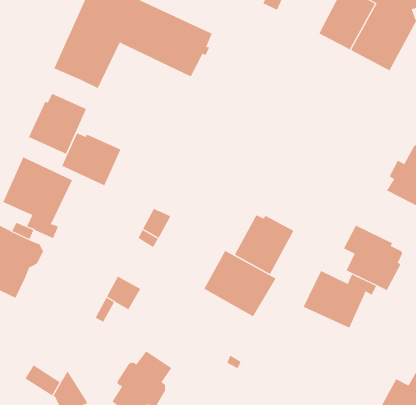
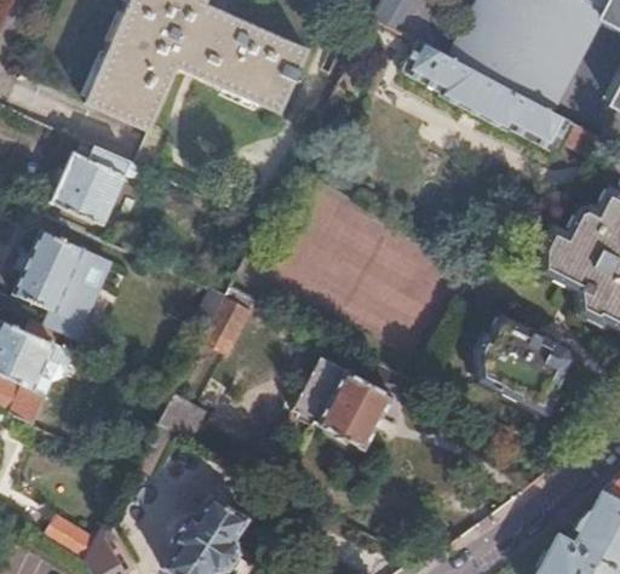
building: none -> [403,40,570,149]
building: [61,133,121,186] -> none
building: [234,214,294,275] -> none
building: [303,270,377,328] -> none

